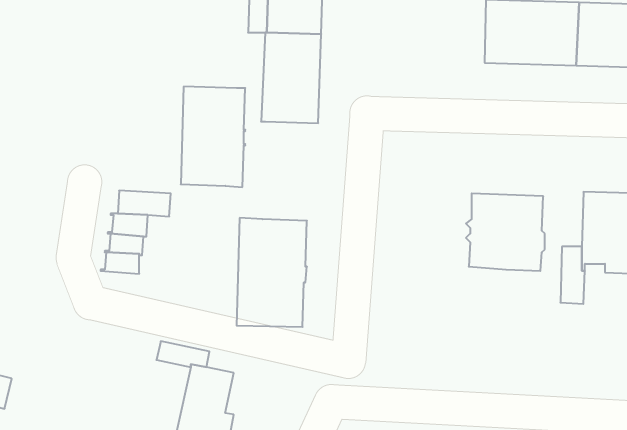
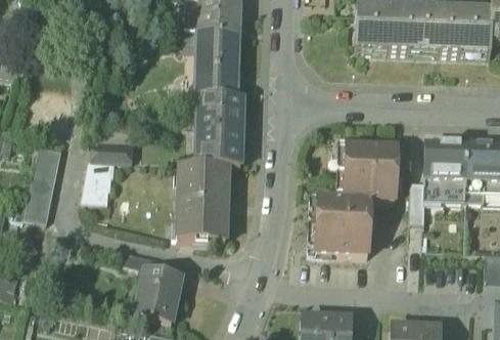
building: [181,87,245,187] -> [197,93,243,165]
building: none -> [25,144,62,221]
building: none -> [314,196,373,254]

